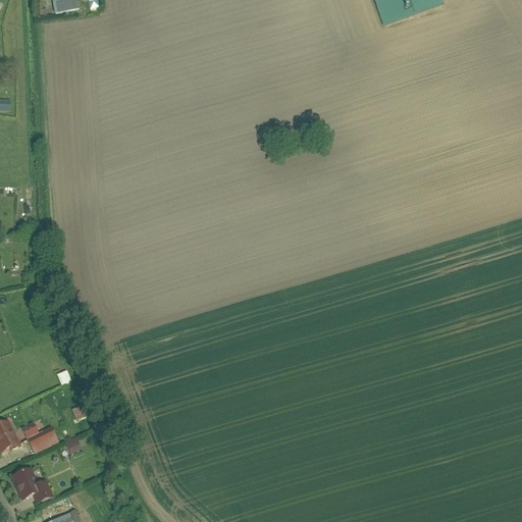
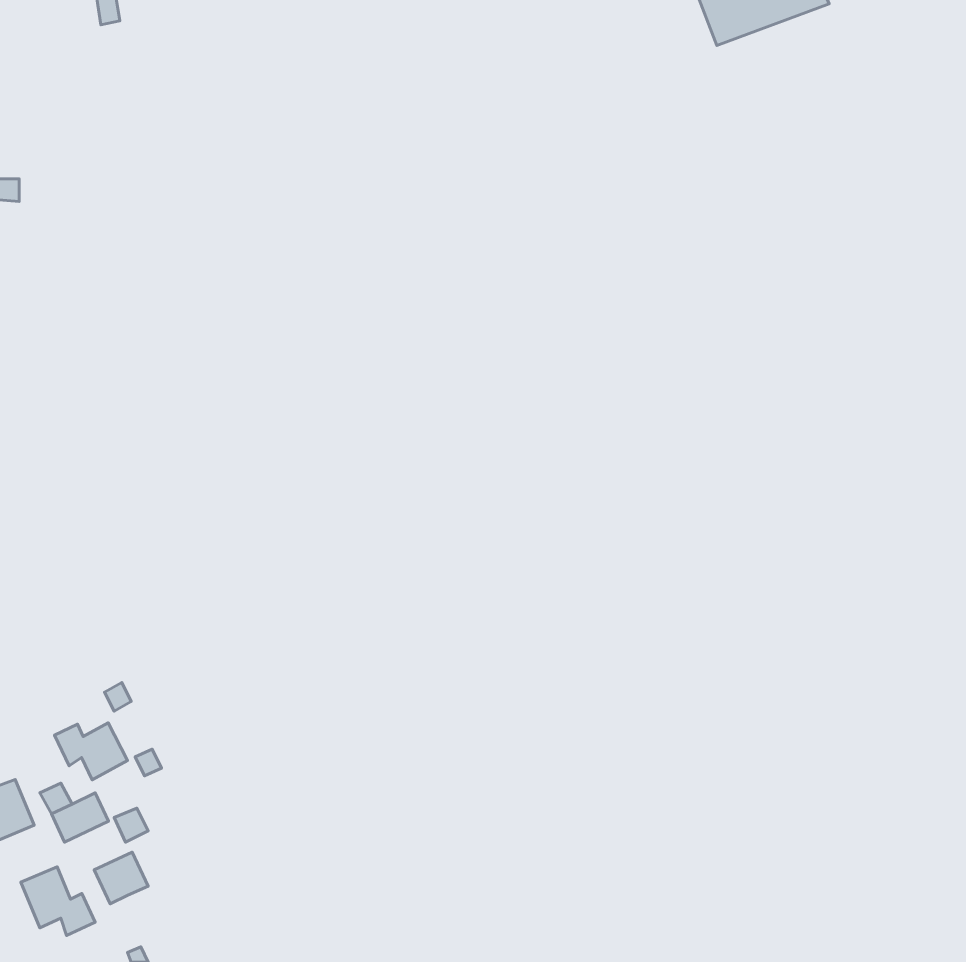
building: none -> [55,723,127,780]
building: none -> [94,852,148,904]

